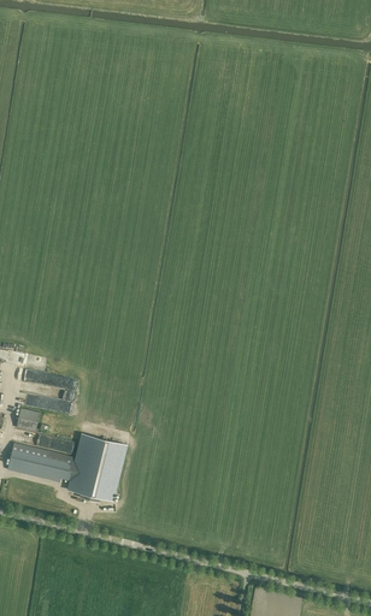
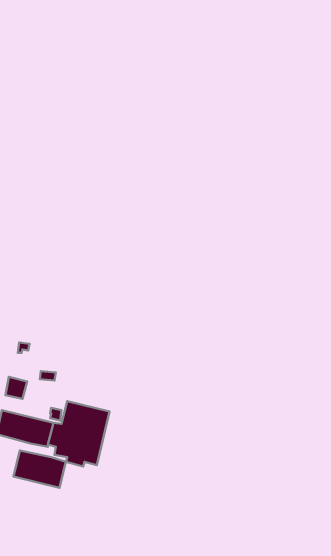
building: none -> [14,451,66,488]

